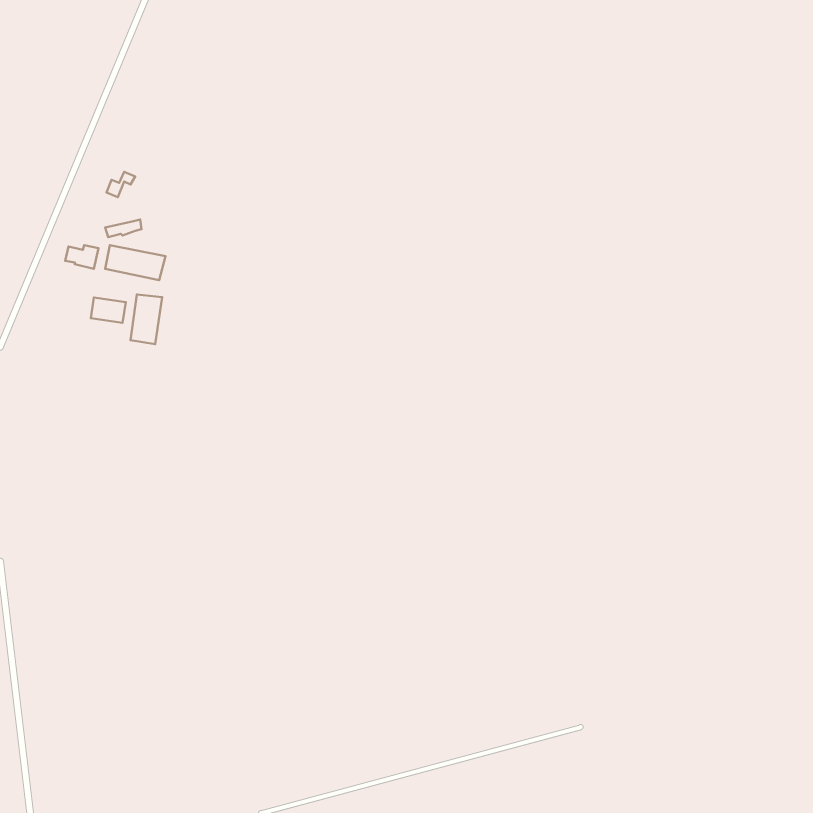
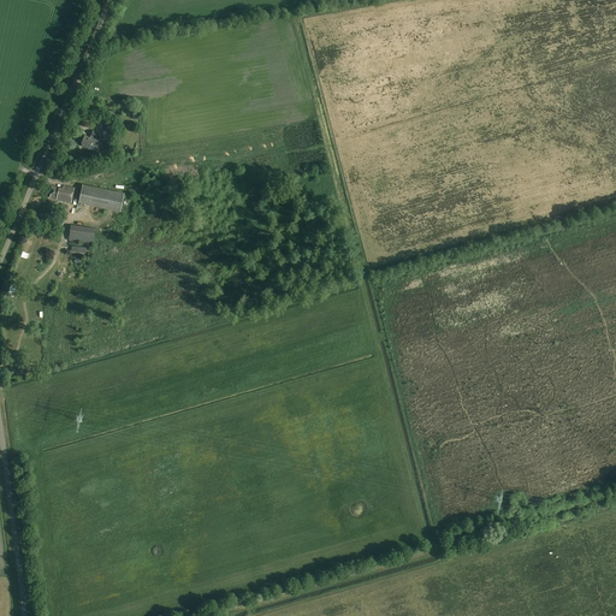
building: [130,295,162,344] -> none

